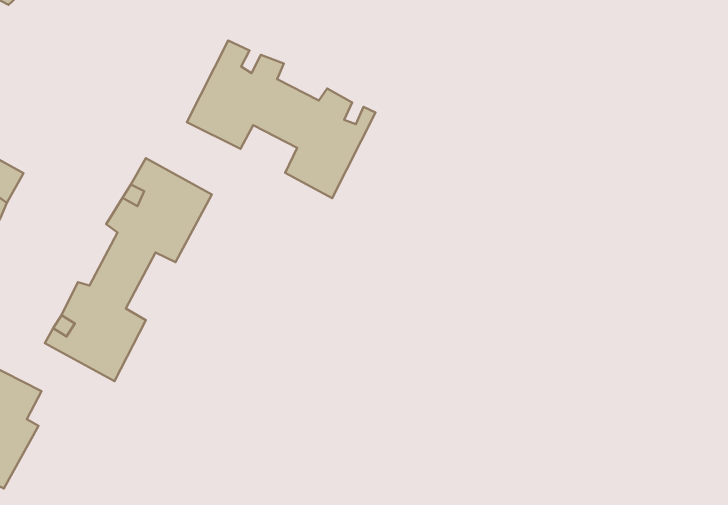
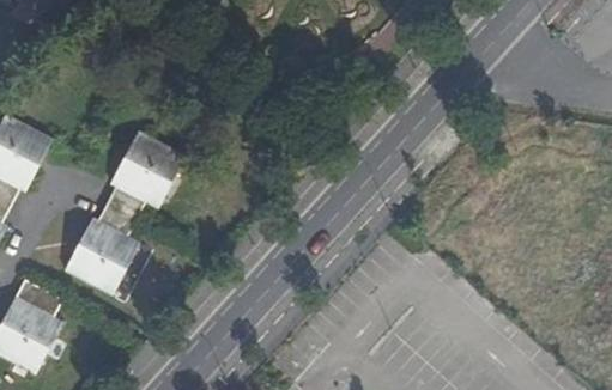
building: [187,41,376,198] -> none

